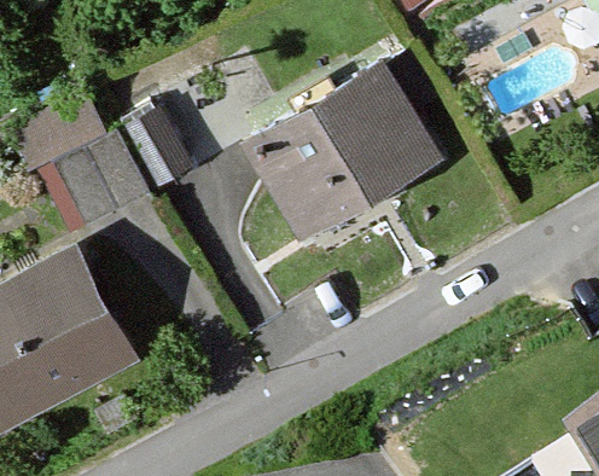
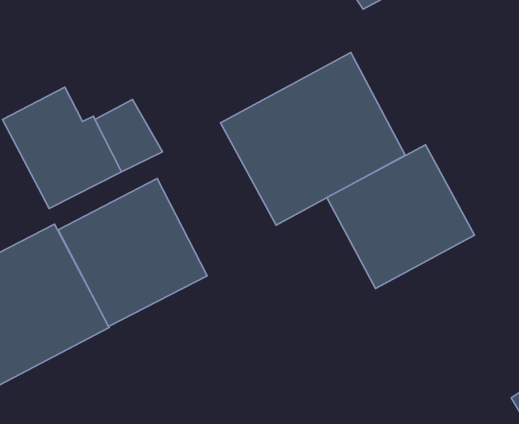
building: none -> [327,145,475,288]
building: none -> [58,179,207,326]

